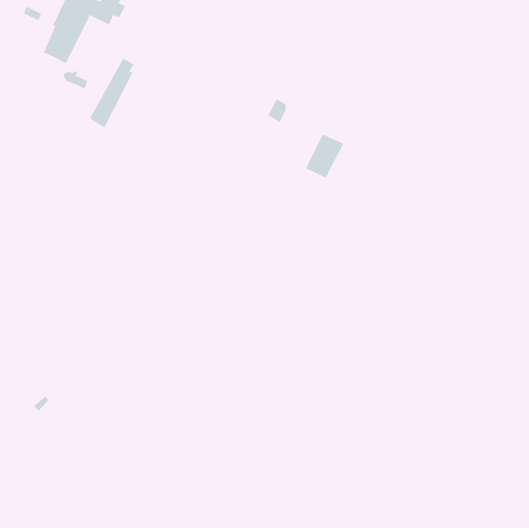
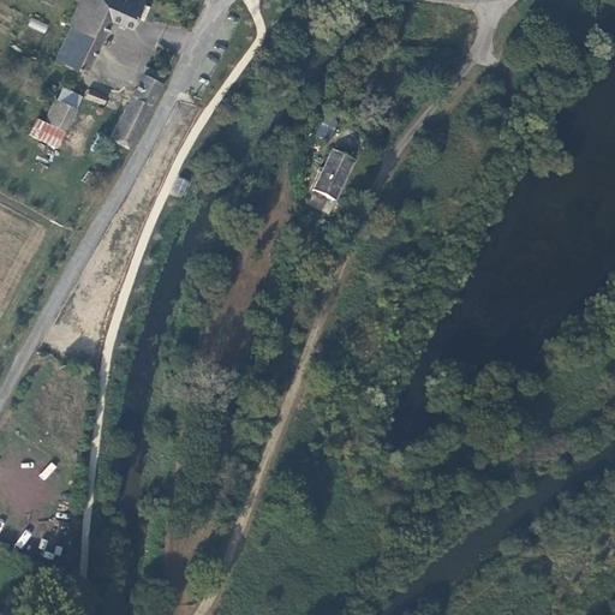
building: none -> [29,86,82,145]
building: [305,134,344,178] -> [311,147,356,197]

